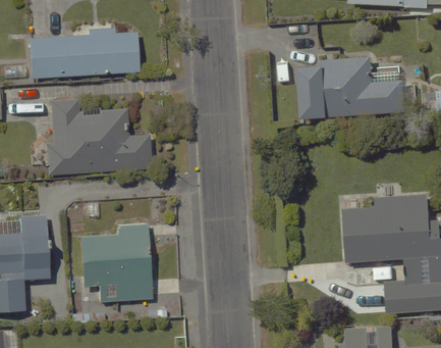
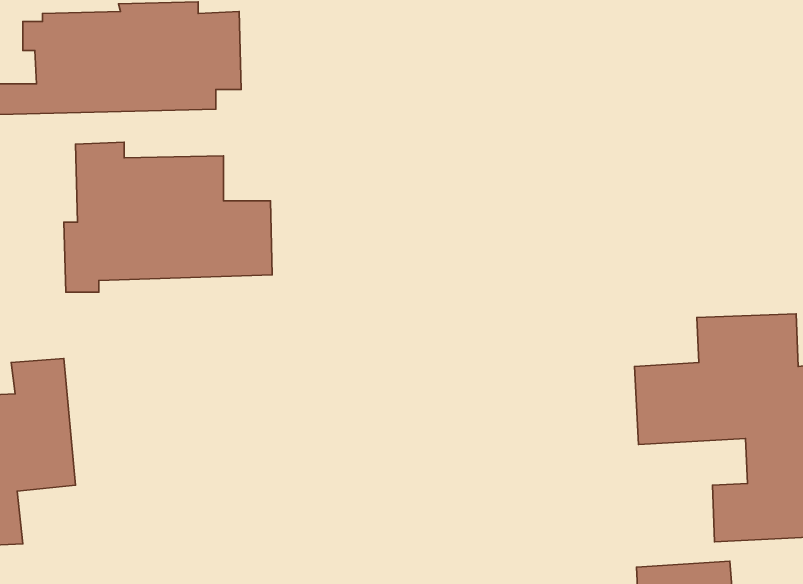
building: [295,58,408,121] -> none
building: [75,217,155,306] -> none

